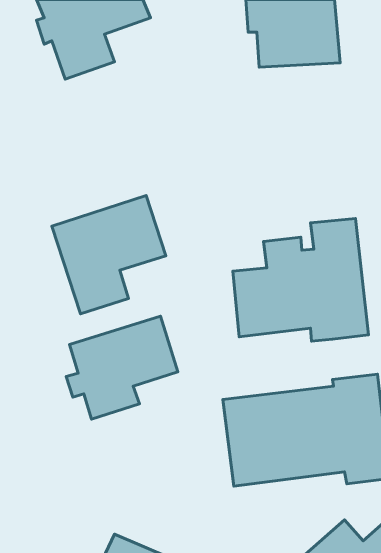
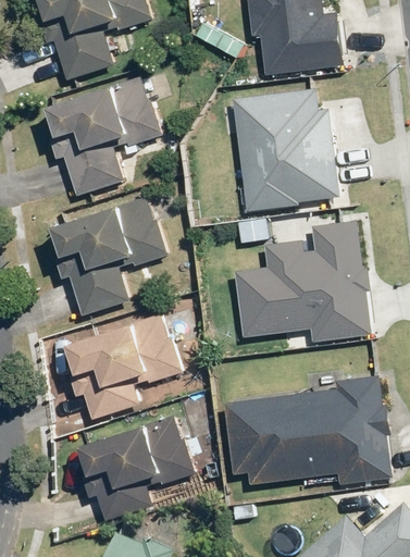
building: none -> [47,77,162,197]
building: none -> [234,88,337,211]
building: none -> [82,417,192,519]

